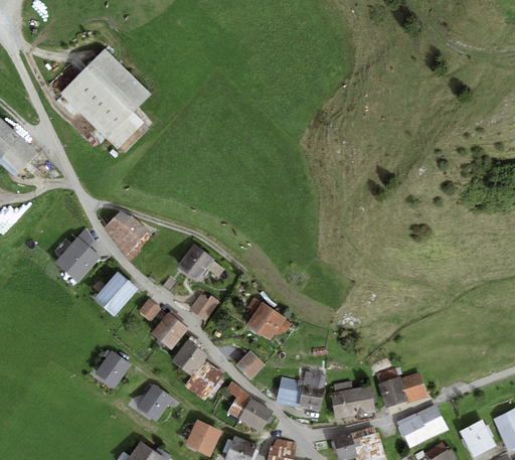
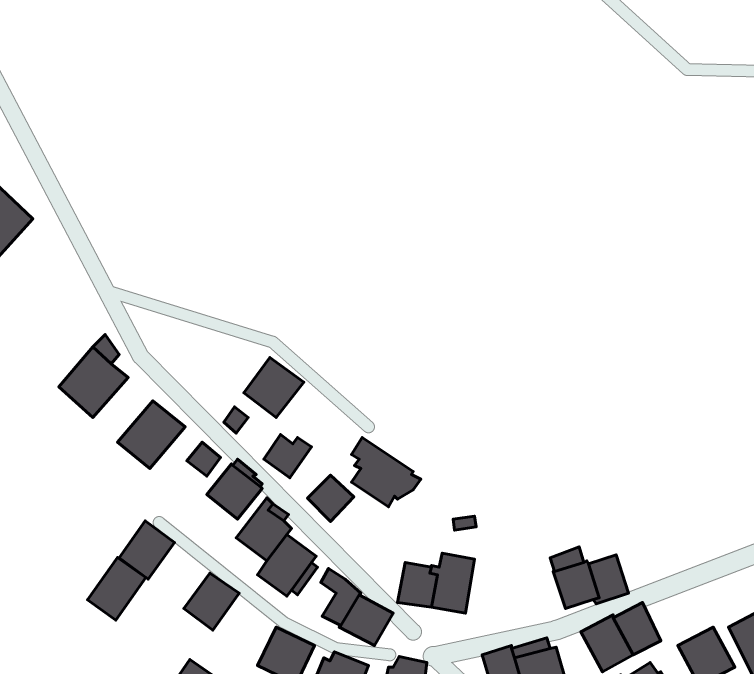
building: [60,48,150,149] -> none
building: [103,210,151,260] -> none
building: [234,349,265,379] -> [308,475,354,521]
building: none -> [88,557,146,620]
building: [329,380,375,421] -> none

